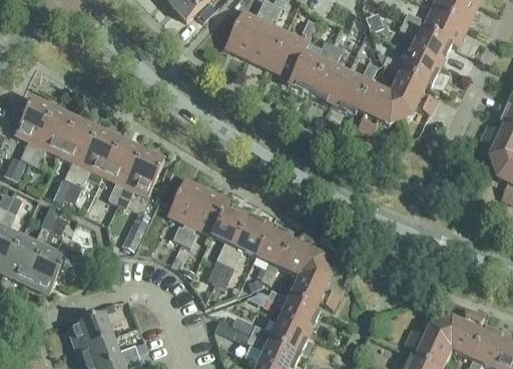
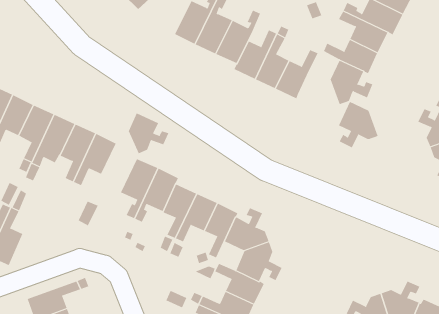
building: [357,83,400,133] -> [338,101,379,148]
building: none -> [128,112,169,154]

